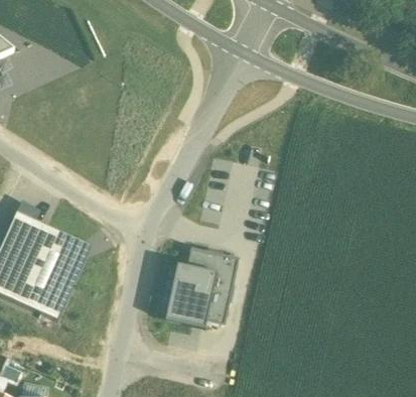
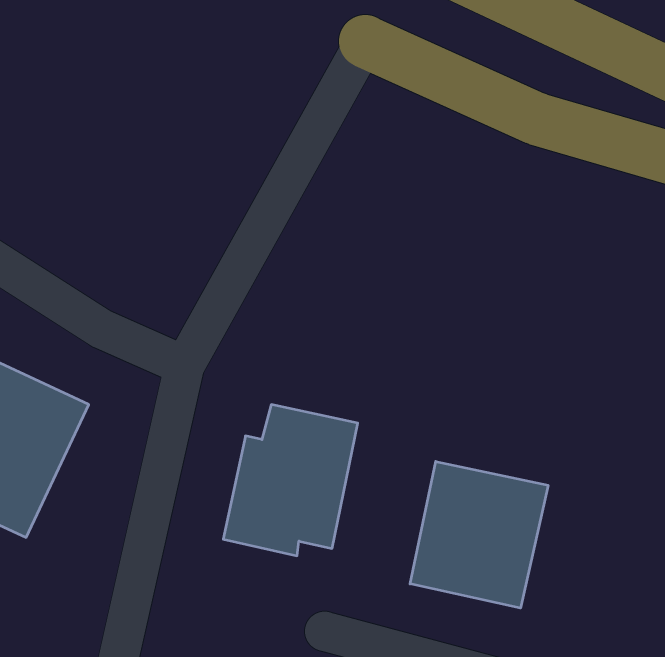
building: none -> [410,461,548,608]

